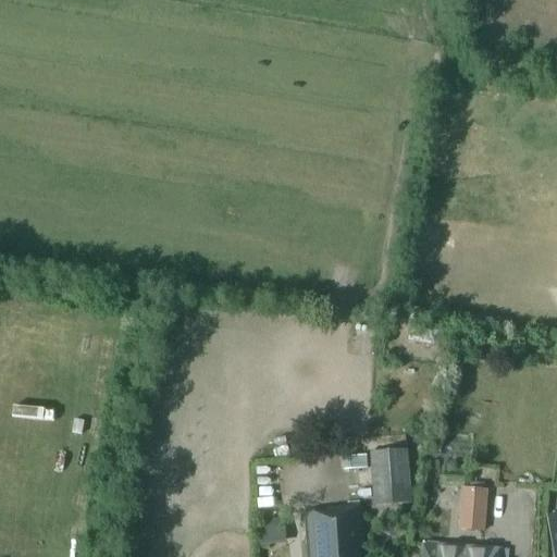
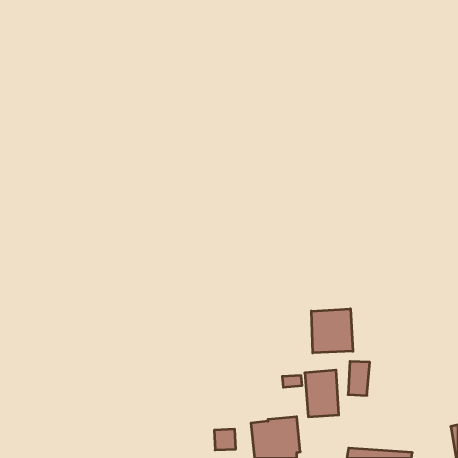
building: none -> [311,309,353,353]
building: [460,490,486,531] -> [348,361,370,395]

